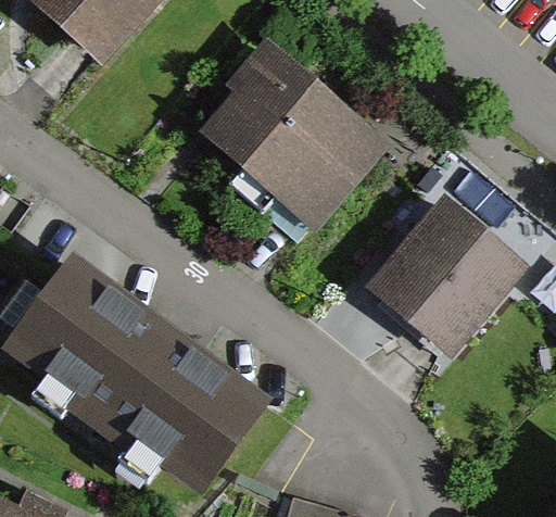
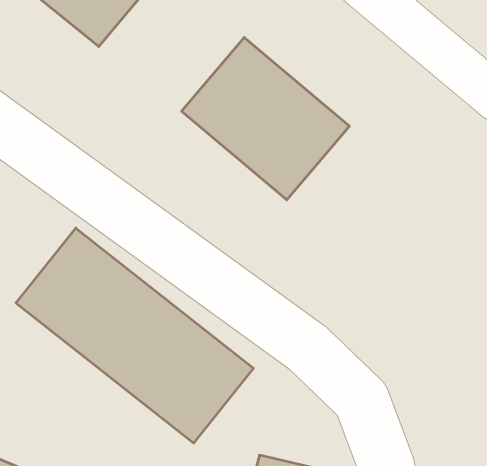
building: [374,206,520,354] -> none

